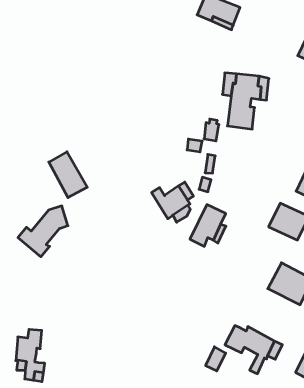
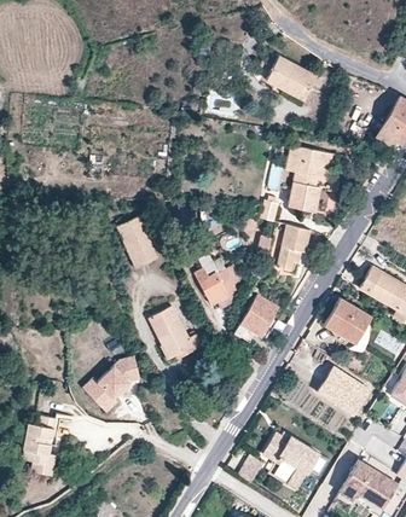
building: none -> [277,226,309,272]
building: [49,152,87,198] -> [117,217,158,269]
building: [18,206,68,257] -> [82,358,140,413]
building: none -> [147,307,202,360]

